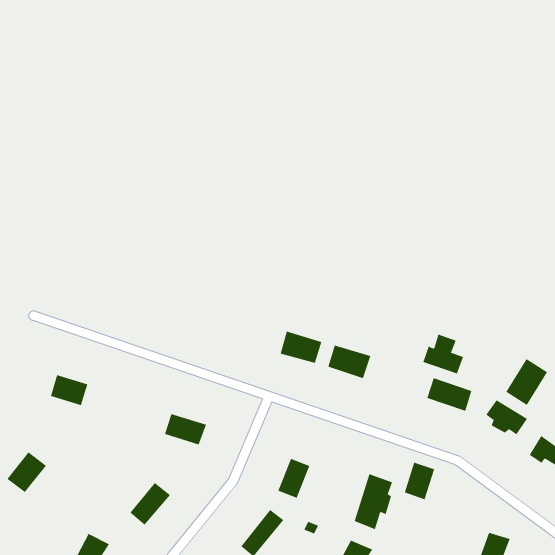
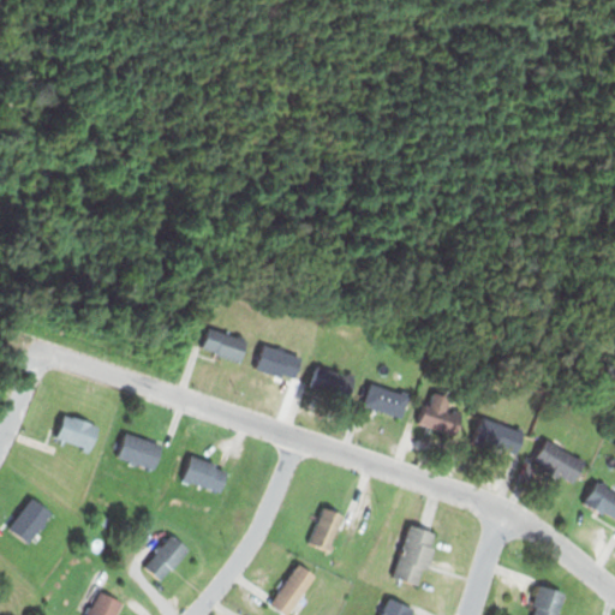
building: none -> [202,327,245,363]
building: none -> [253,344,299,378]
building: [423,334,464,374] -> [417,390,462,435]
building: [505,358,548,406] -> none
building: none -> [117,434,161,470]
building: [404,462,435,500] -> none

